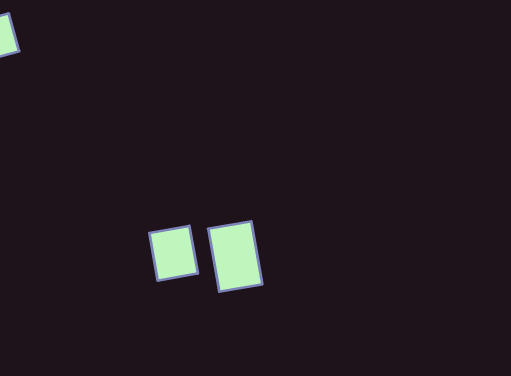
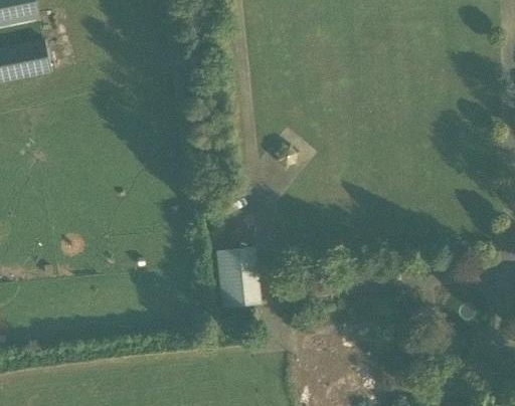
building: [149,226,198,281] -> none

